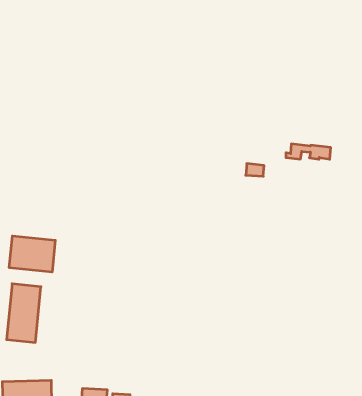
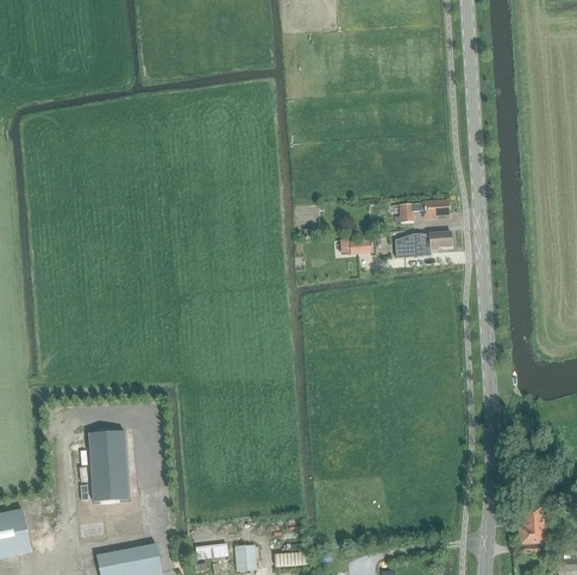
building: none -> [403,232,451,256]
building: [9,236,55,272] -> none

